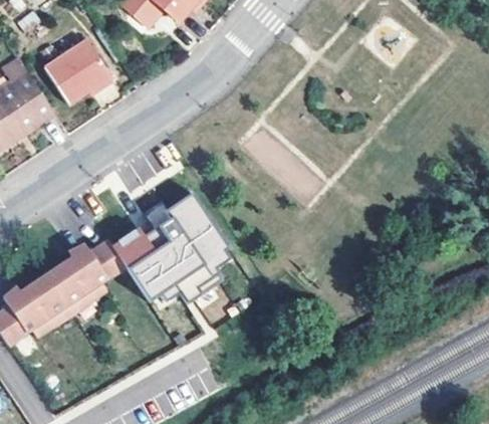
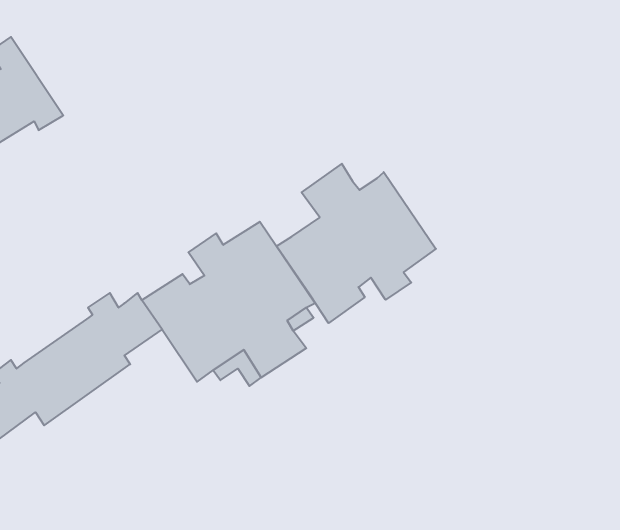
building: [46,42,110,105] -> none
building: none -> [276,164,436,323]

